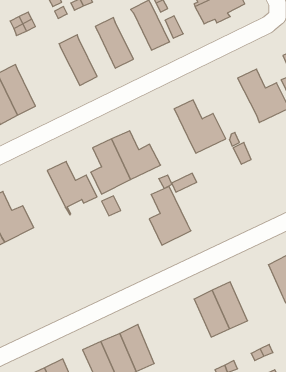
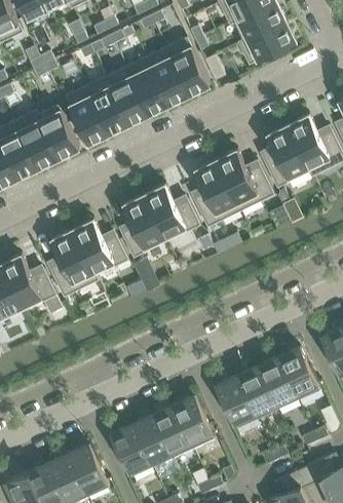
building: none -> [146,47,189,104]
building: none -> [105,67,148,123]
building: none -> [64,86,108,144]
building: none -> [35,105,78,157]
building: none -> [259,125,311,187]
building: none -> [48,230,97,297]
building: [149,186,191,245] -> [192,160,239,227]
building: none -> [278,347,319,400]
building: none -> [217,376,257,428]
building: none -> [174,395,213,449]

